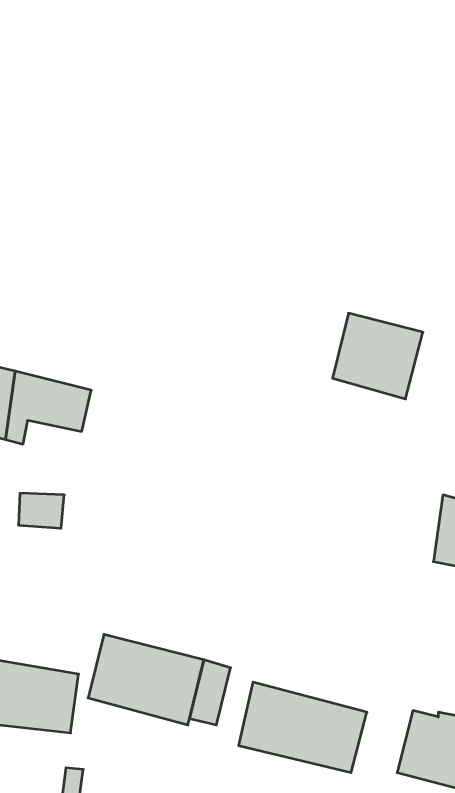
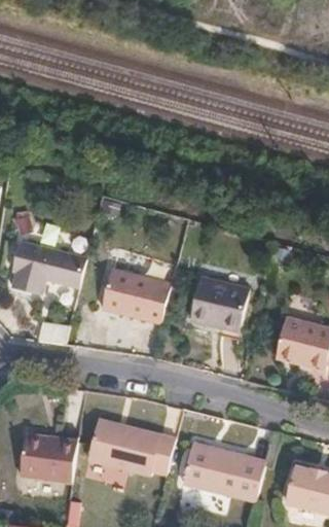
building: [333,313,423,399] -> [190,274,249,329]
building: none -> [104,265,173,321]
building: none -> [272,317,315,368]

